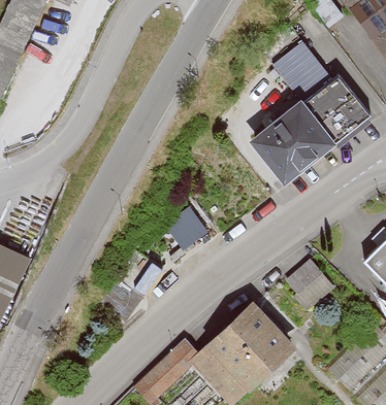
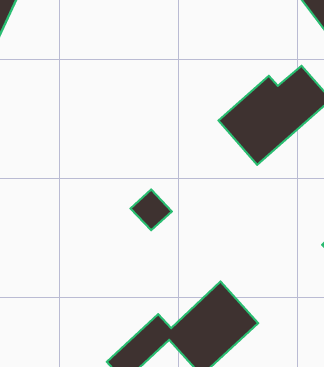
building: [271,40,322,89] -> none
building: [283,258,332,308] -> none

